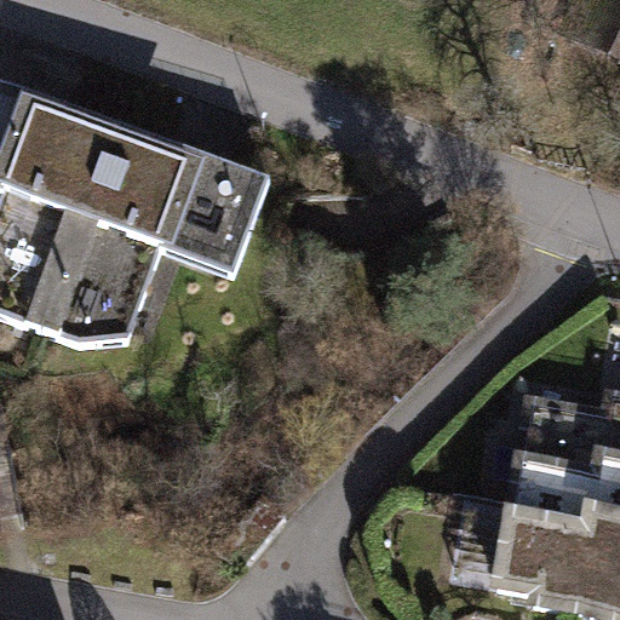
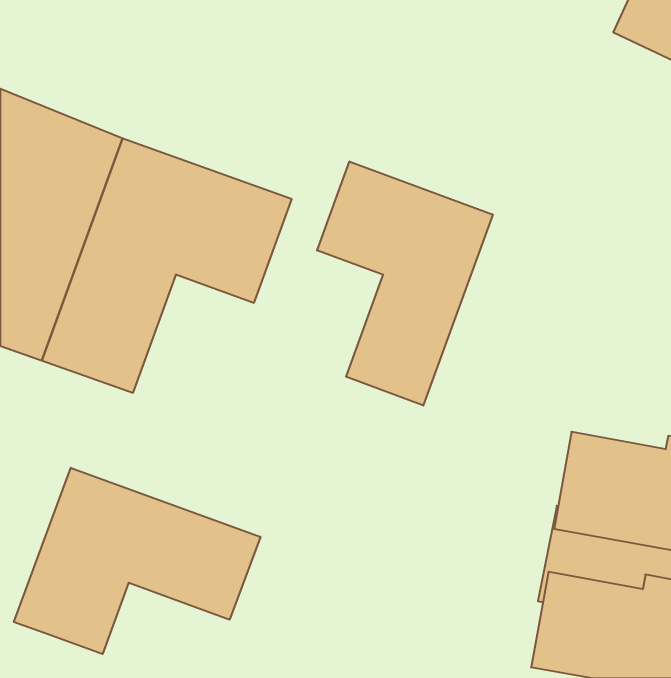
building: none -> [317,161,493,406]
building: none -> [14,468,260,654]

